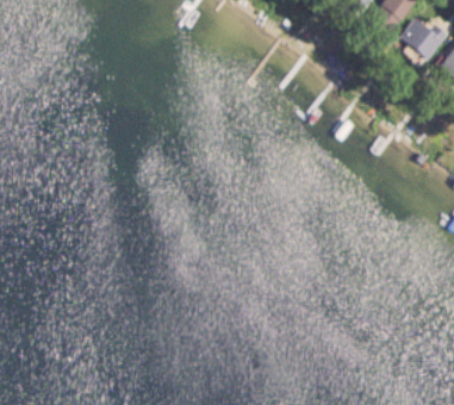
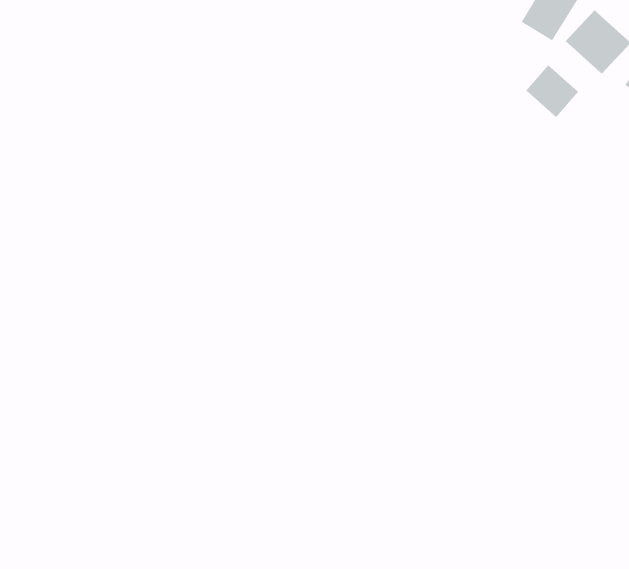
building: none -> [526,64,579,118]

